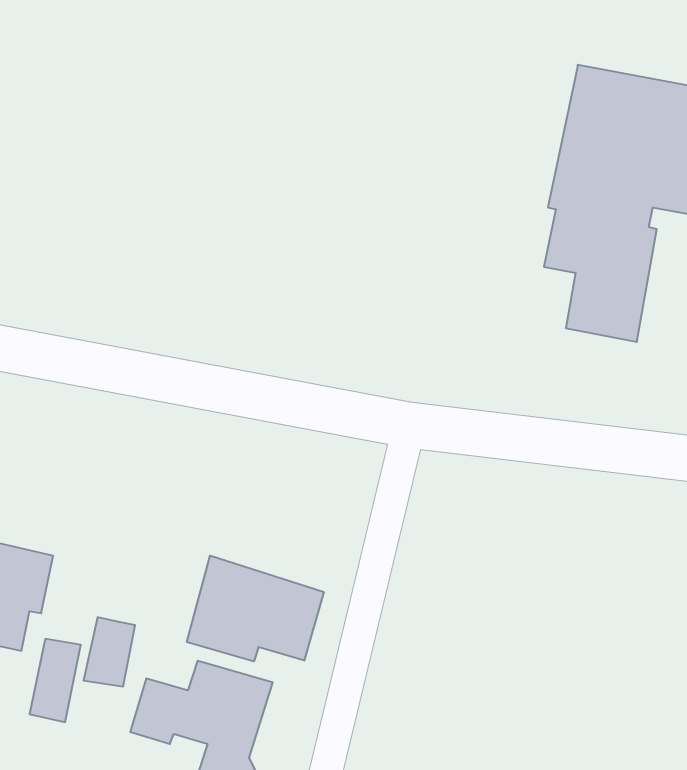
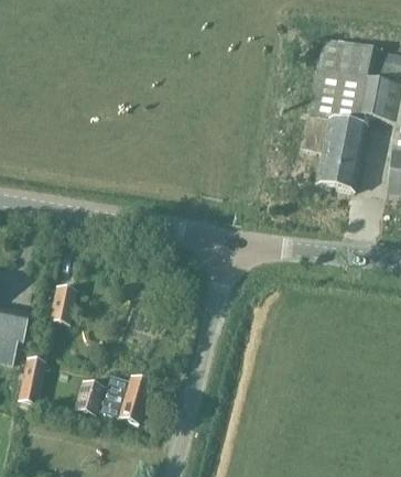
building: [187,556,324,661] -> none
building: [84,617,135,686] -> [51,285,79,324]

